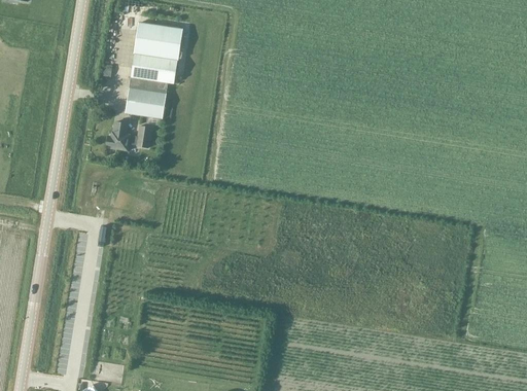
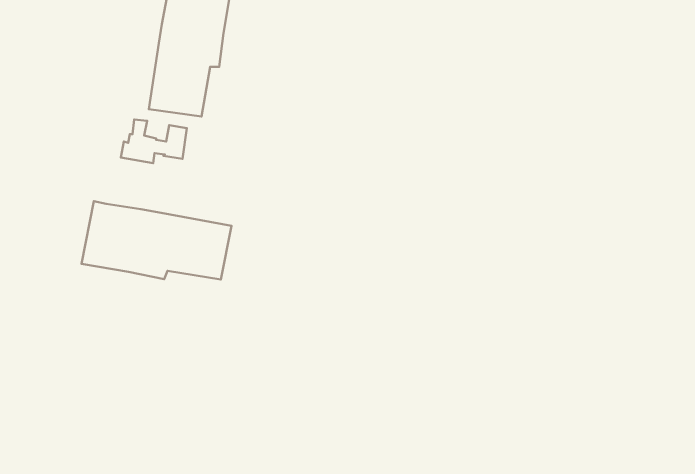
building: none -> [82,201,232,279]

